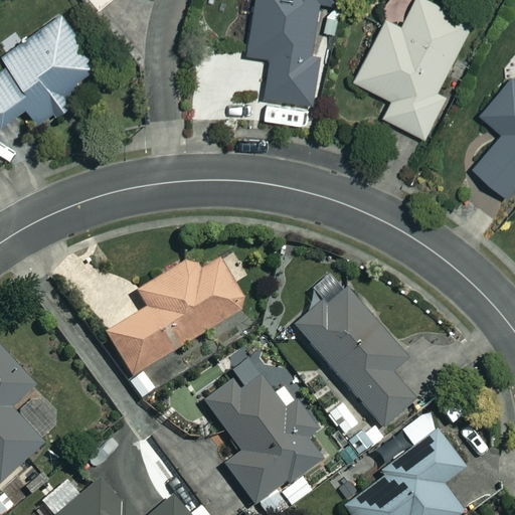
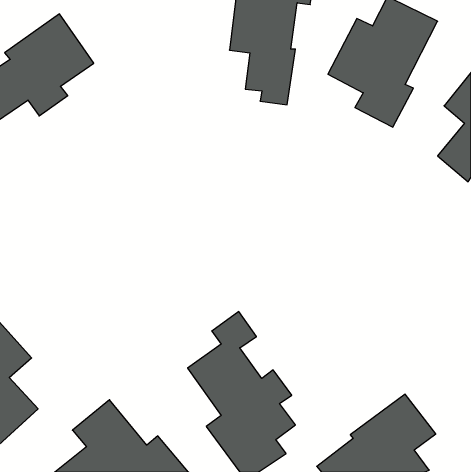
building: [105,258,245,374] -> none
building: [292,290,416,426] -> none

